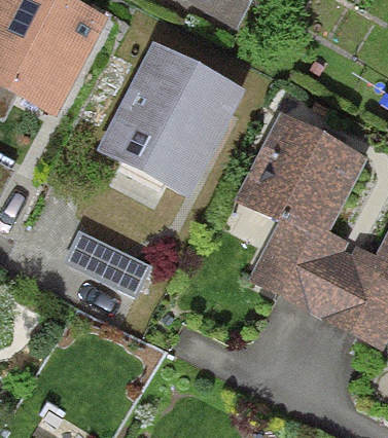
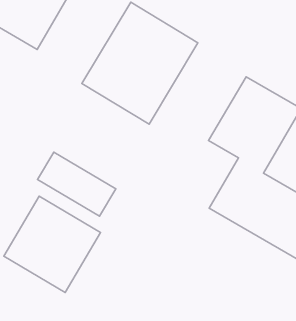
building: none -> [4,196,100,292]

